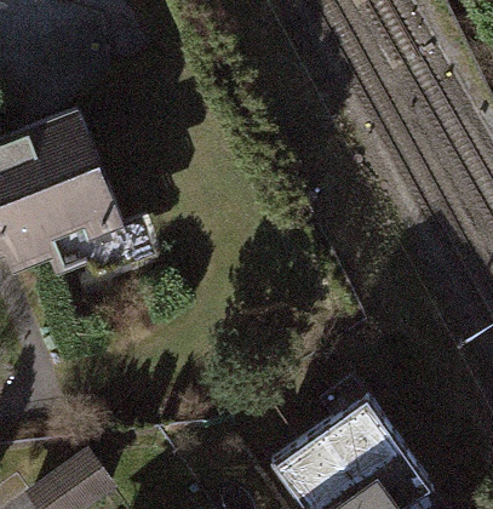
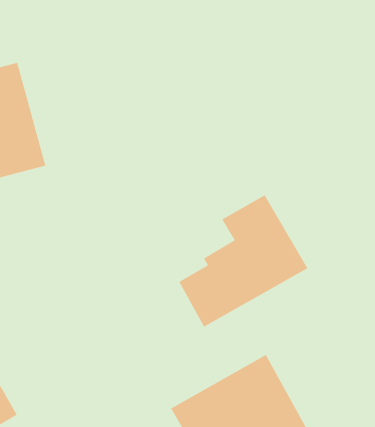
building: none -> [179,194,308,328]

